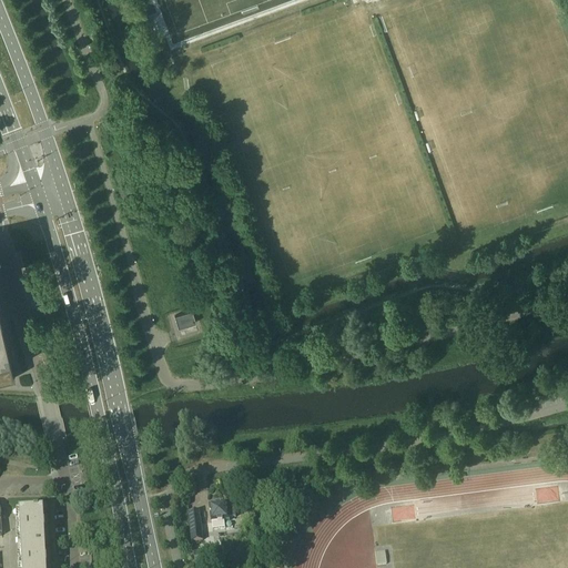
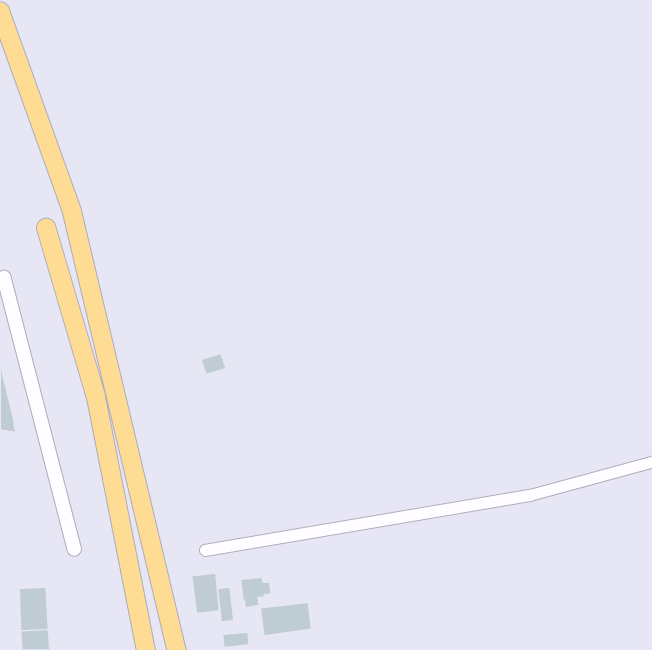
building: none -> [192,573,220,613]
building: none -> [260,602,312,636]

